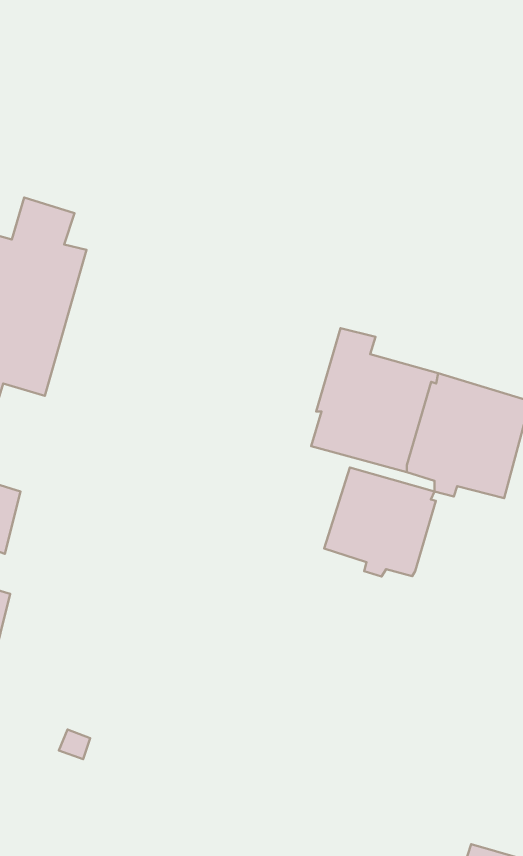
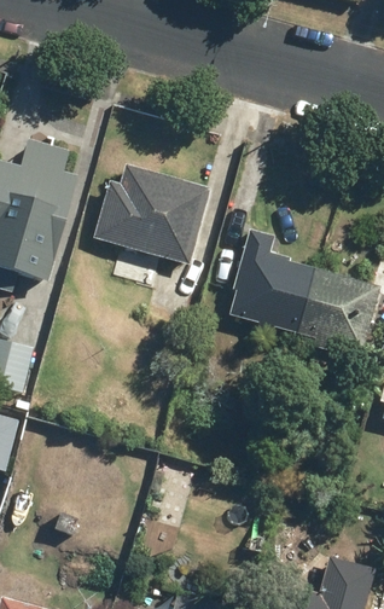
building: none -> [95,167,208,261]
building: [324,468,436,577] -> none

